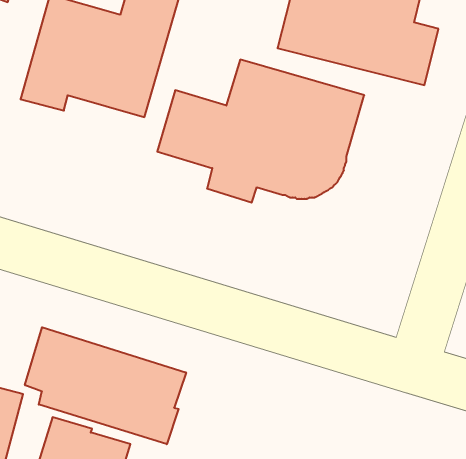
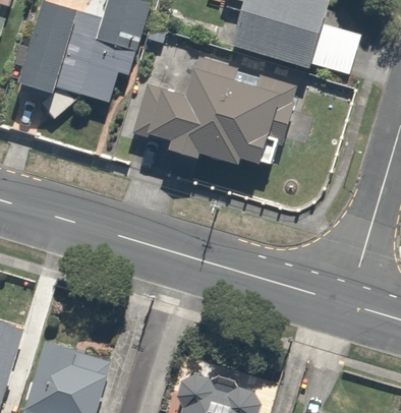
building: [25,327,186,444] -> none

